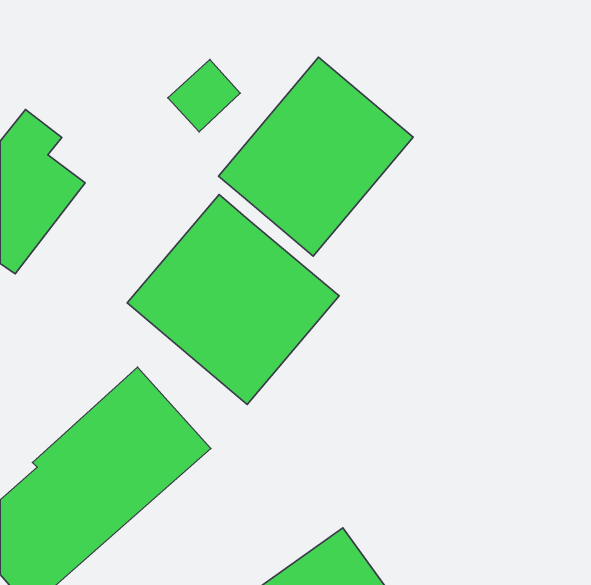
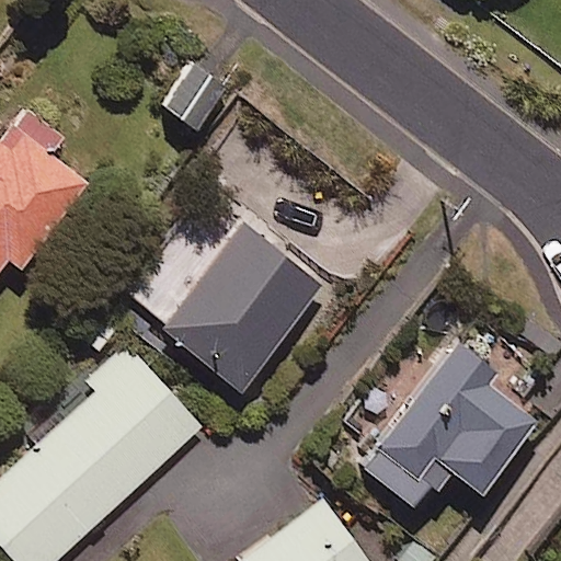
building: [218,57,413,256] -> none
building: none -> [360,343,534,504]

